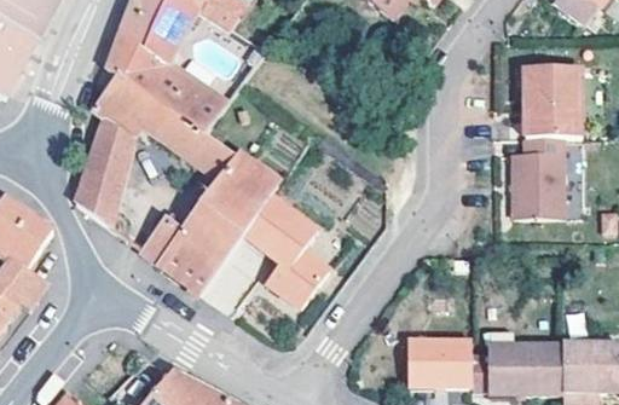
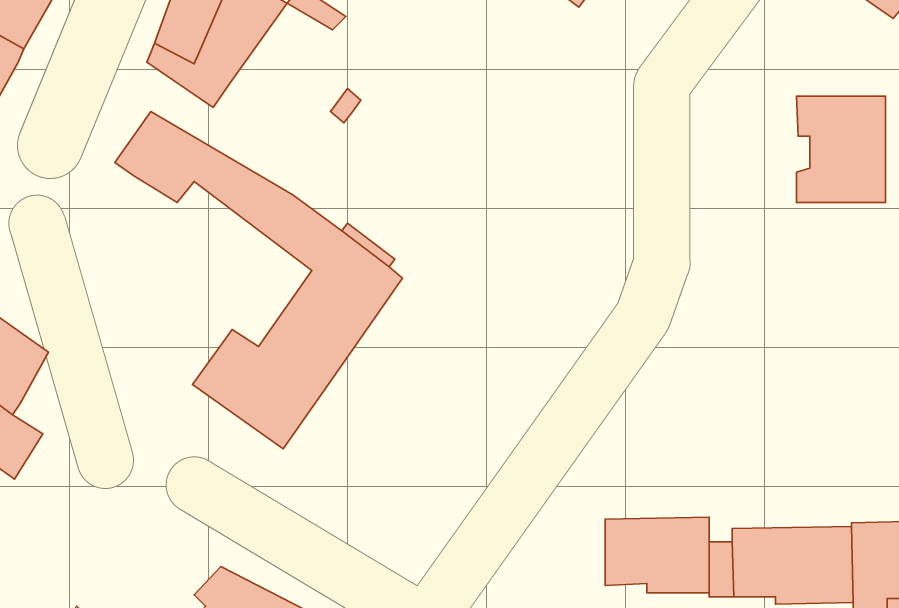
building: [104,47,227,132] -> none
building: [75,120,132,230] -> none
building: [514,137,565,219] -> none
building: [242,193,328,306] -> none

